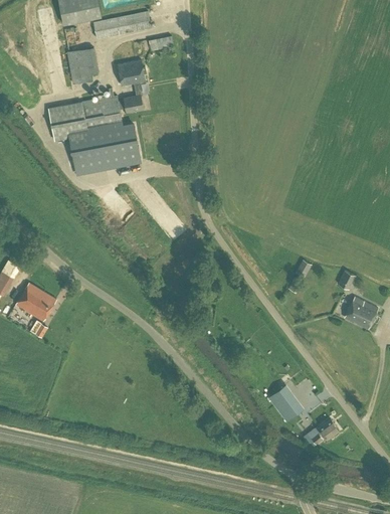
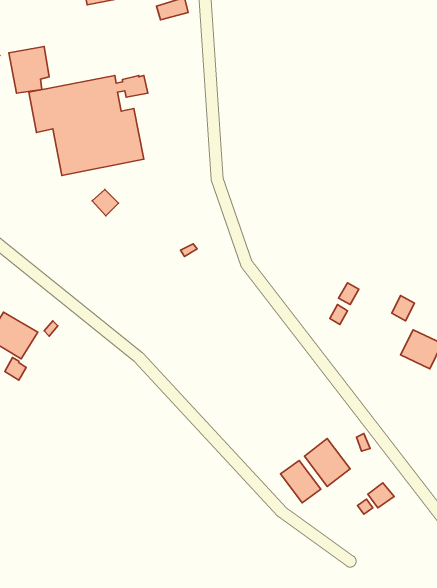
building: [65,46,98,83] -> [9,46,49,93]
building: [117,59,145,84] -> none
building: none -> [281,460,321,503]

